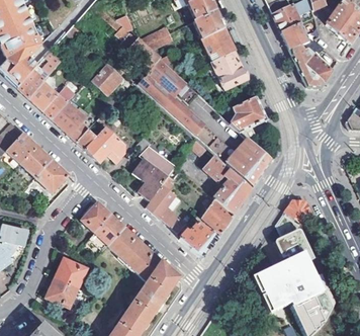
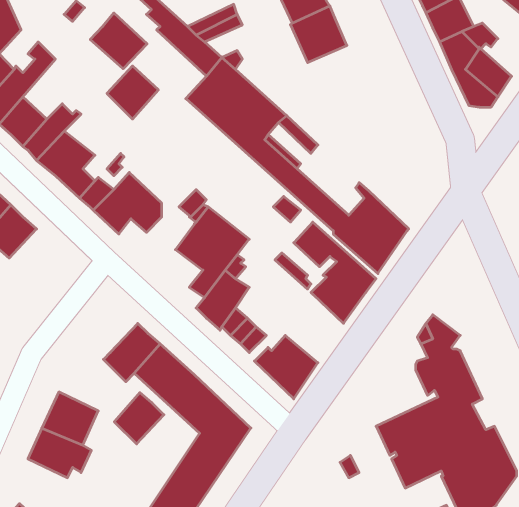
building: none -> [90,13,147,69]
building: [211,52,248,89] -> none
building: [231,97,267,138] -> none
building: [35,160,68,192] -> none
building: [201,198,233,234] -> none
building: [285,200,311,224] -> none
building: [82,202,111,233] -> [114,393,164,444]

